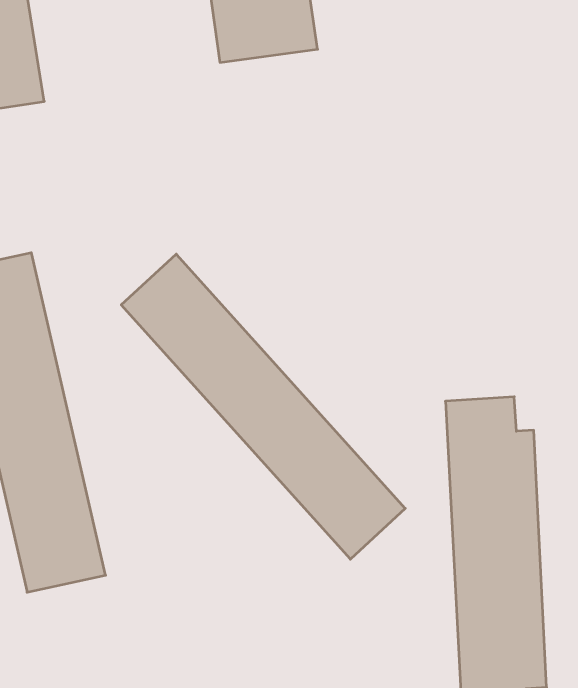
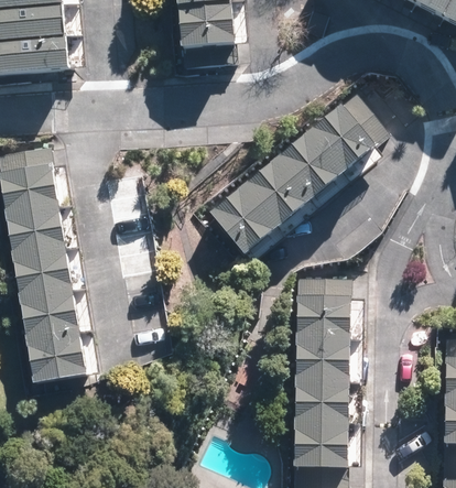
building: none -> [208,96,383,256]
building: [121,254,405,559] -> none

